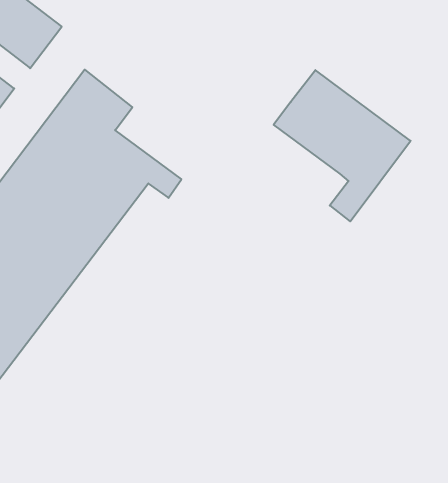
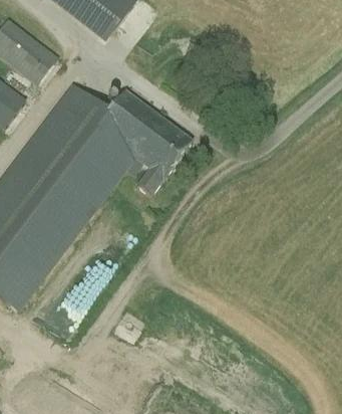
building: [274,70,411,221] -> [95,90,191,196]

